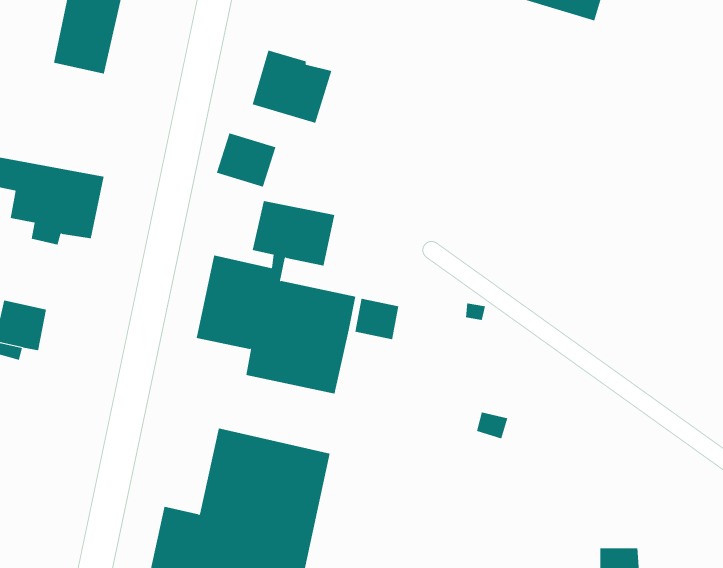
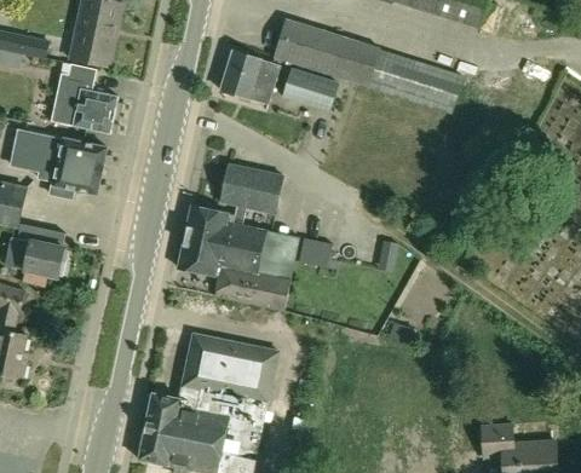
building: none -> [274,19,466,114]
building: none -> [51,63,119,132]
building: none -> [282,69,338,113]
building: [216,133,276,187] -> none

